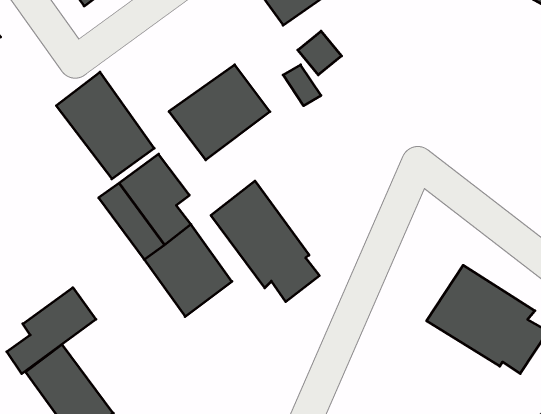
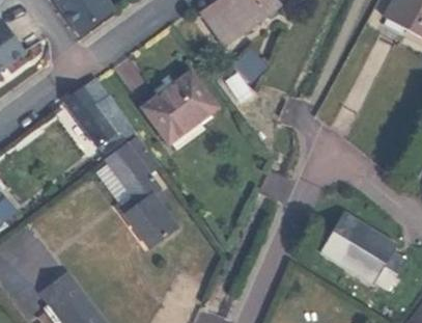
building: [211,181,319,302] -> none
building: [7,288,96,374] -> none

